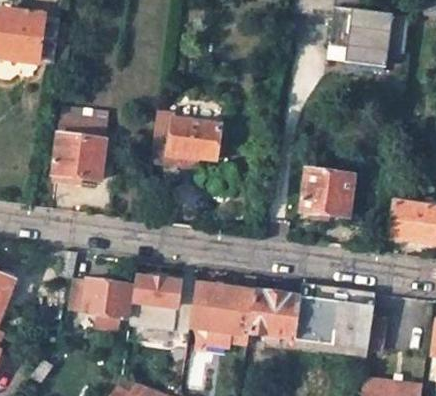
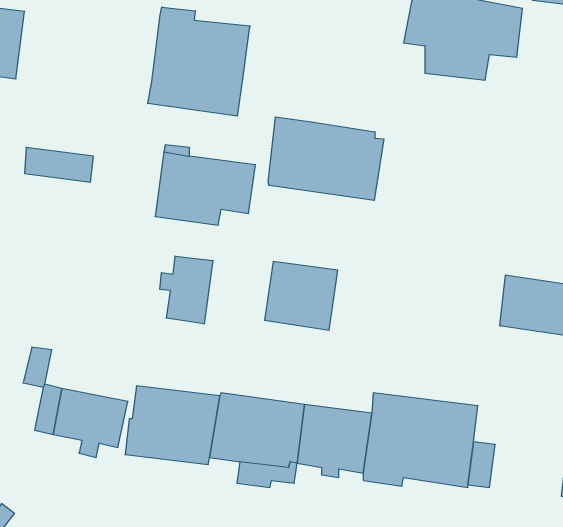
building: none -> [148,7,250,116]
building: none -> [268,117,384,200]
building: [54,130,106,179] -> none
building: [302,168,353,216] -> [265,261,338,330]
building: none -> [160,256,213,324]

